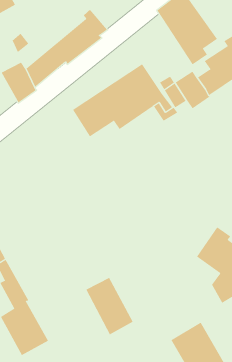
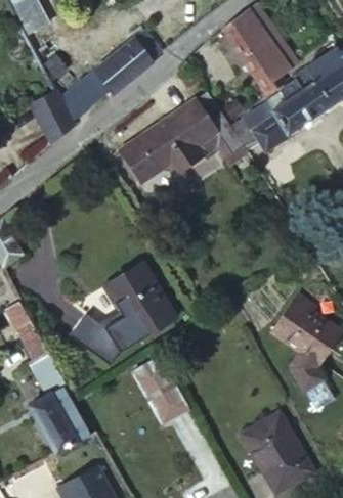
building: none -> [69,264,175,366]

